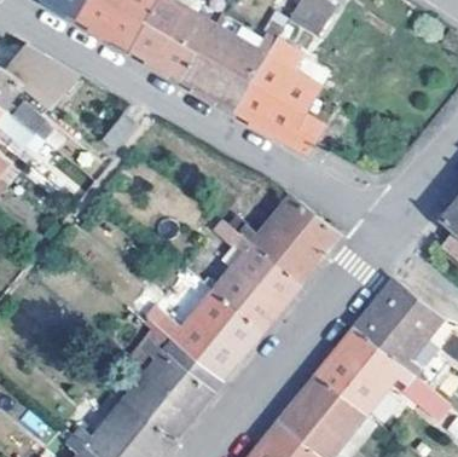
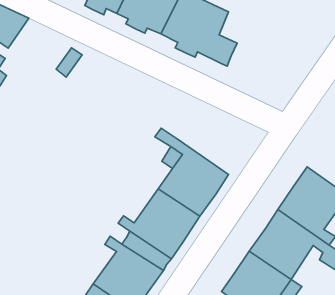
building: [240,195,338,280] -> none

